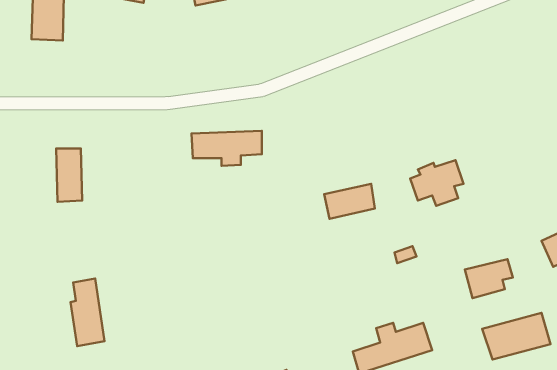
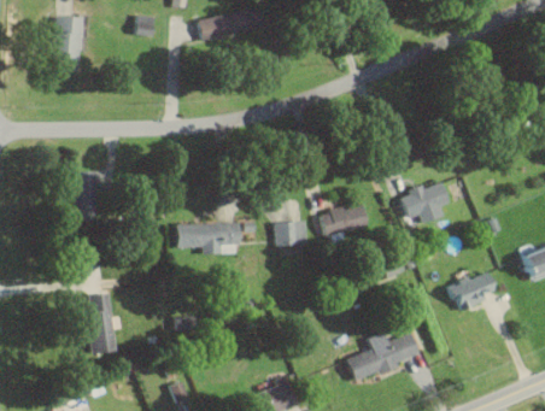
building: [192,131,262,166] -> [175,222,240,254]
building: none -> [276,221,307,246]
building: [482,313,550,360] -> none

